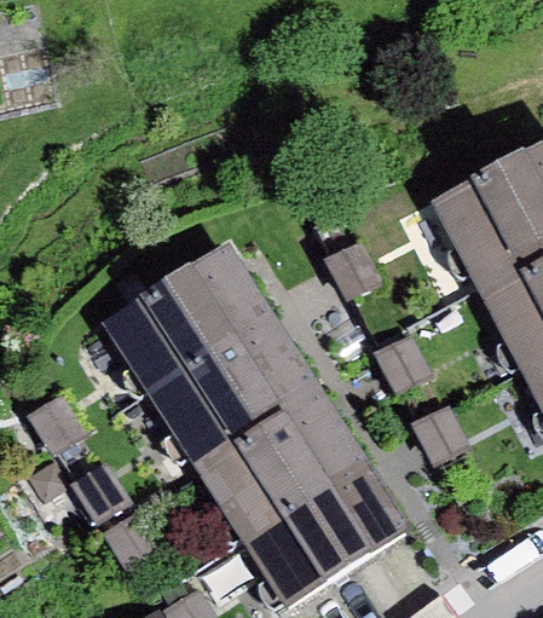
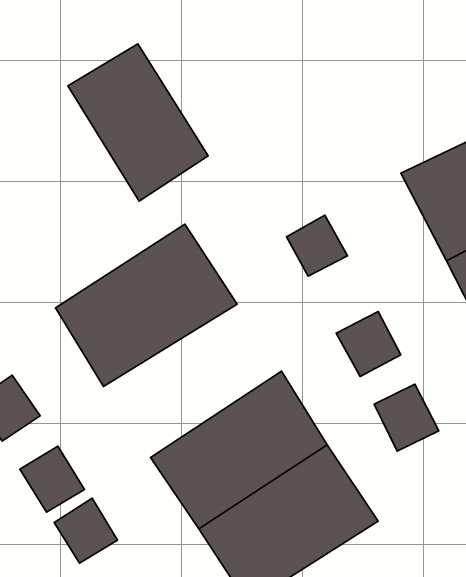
building: none -> [68,44,208,201]
building: [150,324,319,470] -> none

